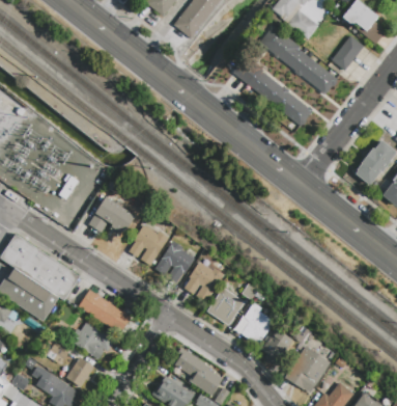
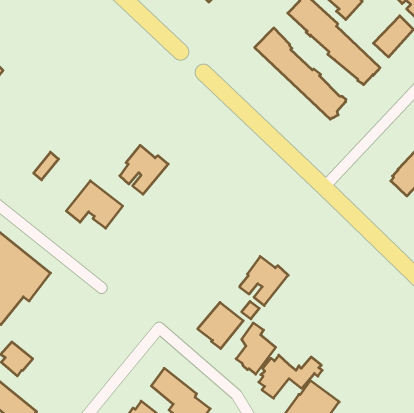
building: [129,224,168,265] -> [120,145,168,194]
building: [153,241,194,282] -> none
building: [185,262,224,302] -> [240,256,288,306]
building: [78,290,127,332] -> none
building: [68,322,115,359] -> none
building: [67,359,94,387] -> none

